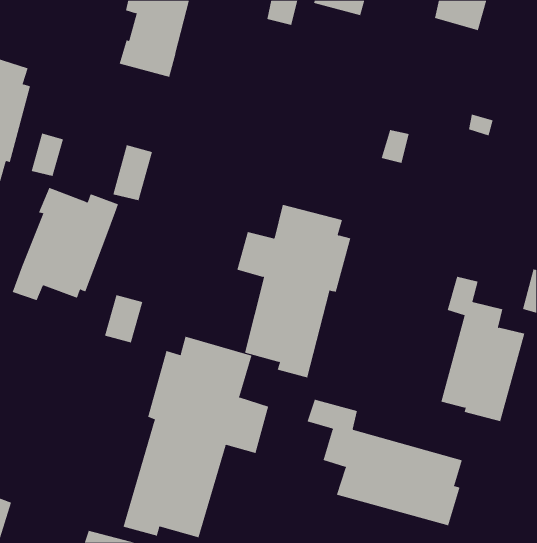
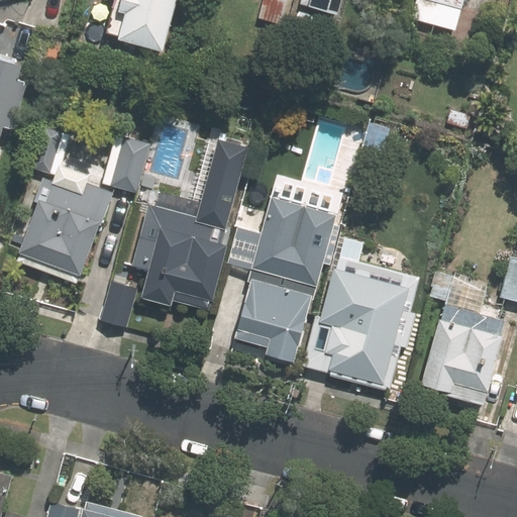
building: none -> [128,138,245,309]
building: none -> [313,257,419,389]
building: [123,336,269,538] -> none
building: [307,399,462,526] -> none

